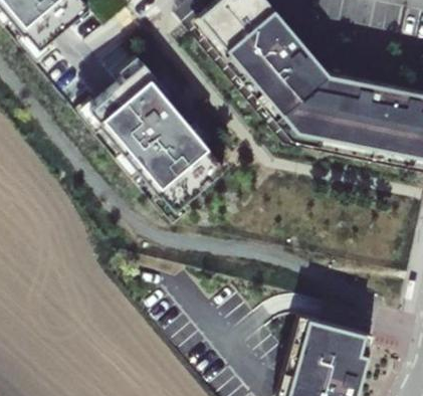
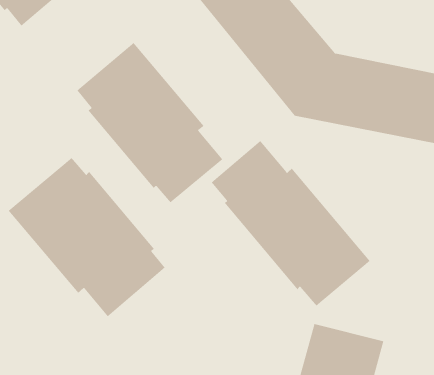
building: none -> [211,140,371,306]
building: none -> [8,157,166,317]

